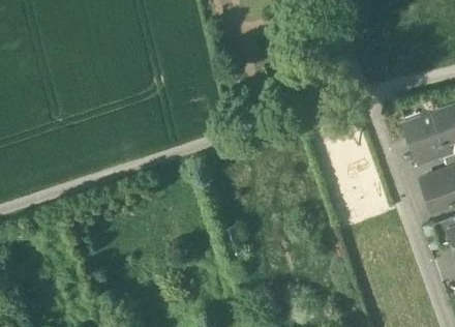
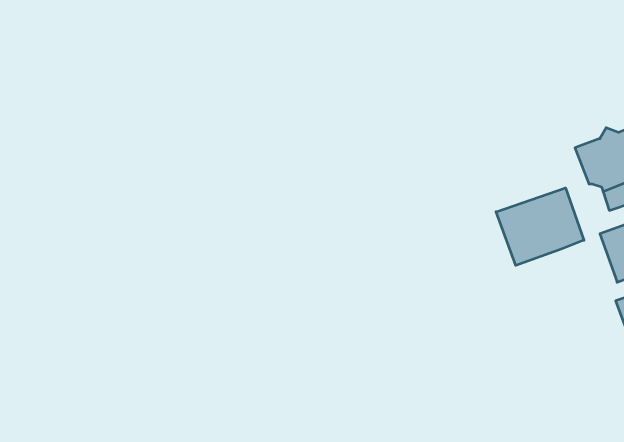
building: none -> [496,188,584,265]

